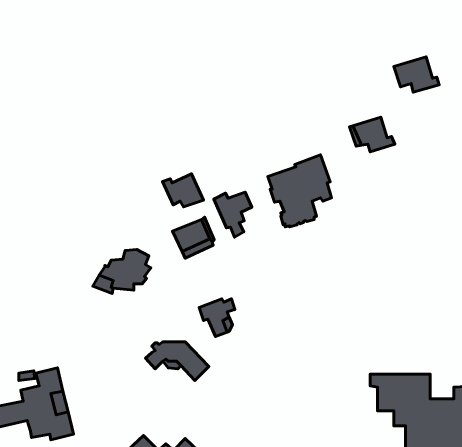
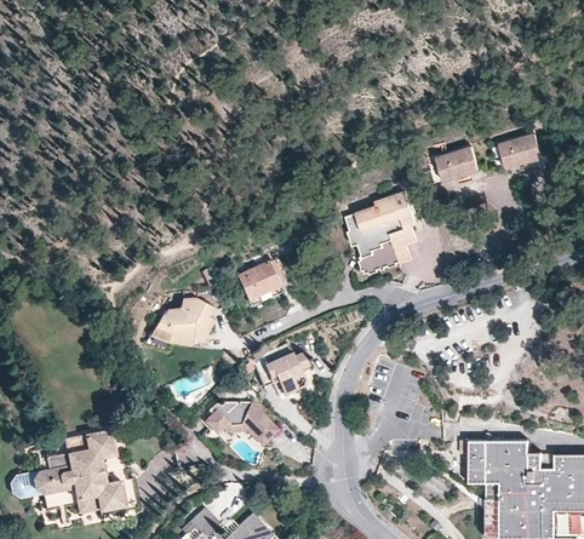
building: [394,57,439,92] -> [499,134,550,174]
building: [162,174,204,207] -> none
building: [214,192,252,237] -> none

